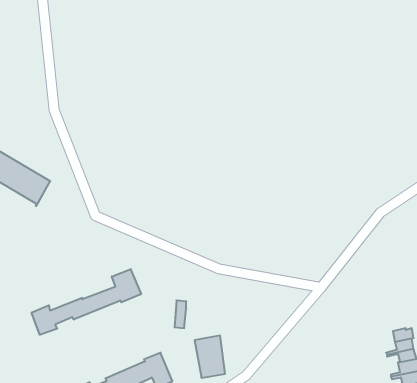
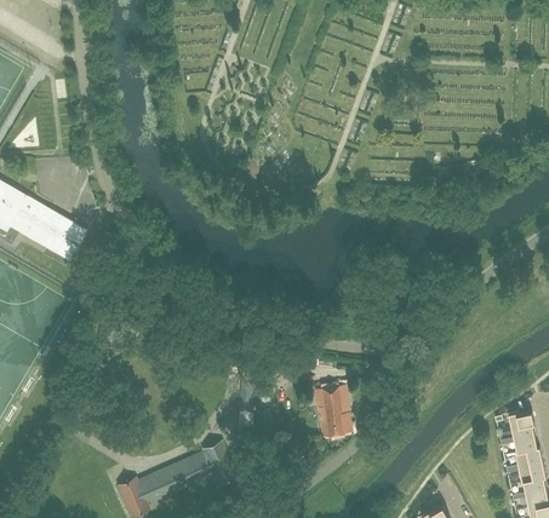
building: [32,269,141,335] -> none
building: [195,335,225,378] -> [314,385,351,437]

